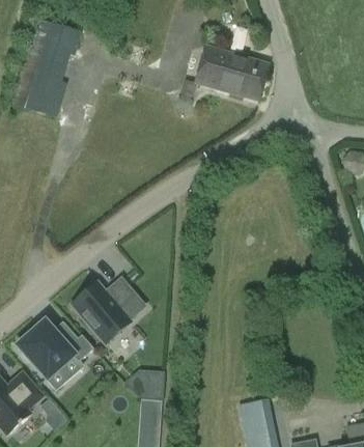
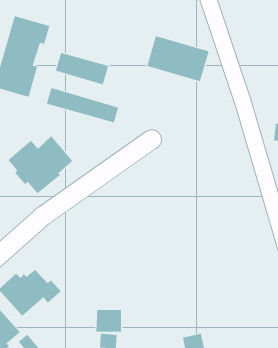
building: none -> [55,52,109,85]
building: none -> [46,87,119,123]
building: [69,275,147,344] -> [8,136,73,194]

